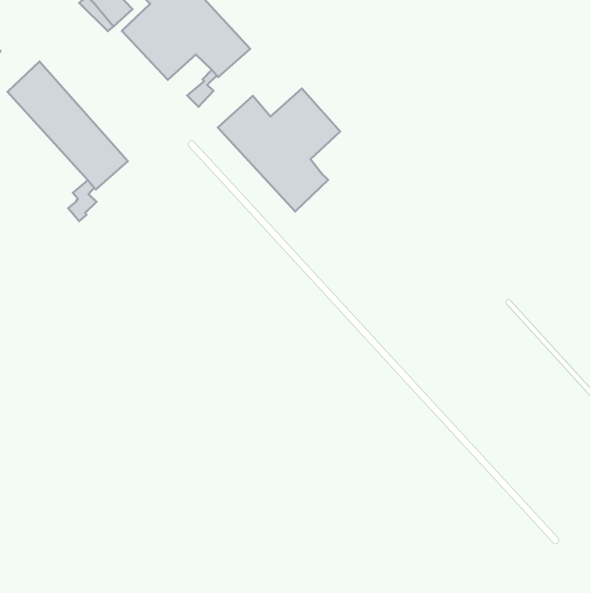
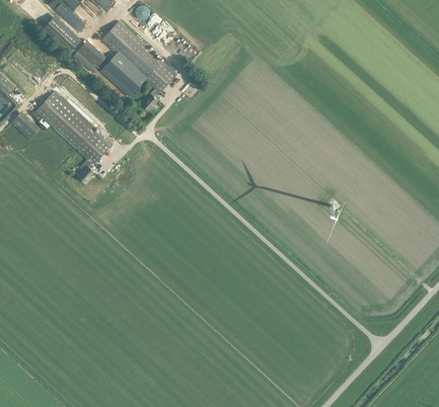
building: [218,89,340,211] -> none

